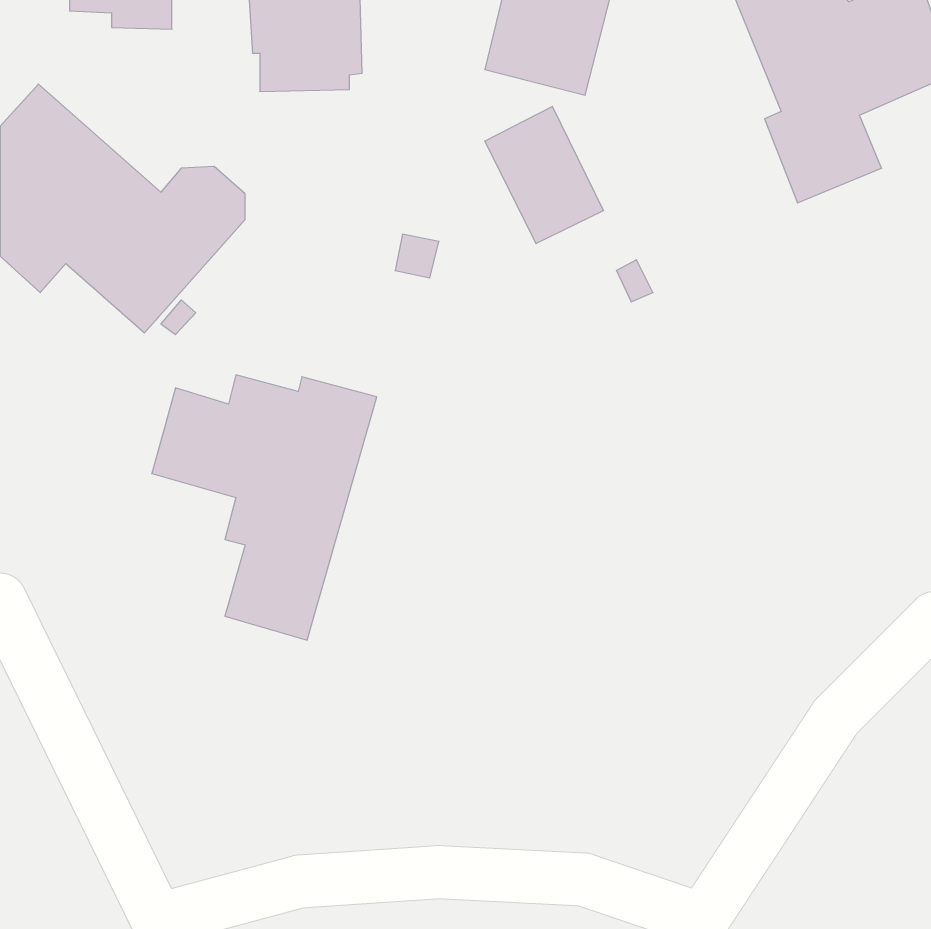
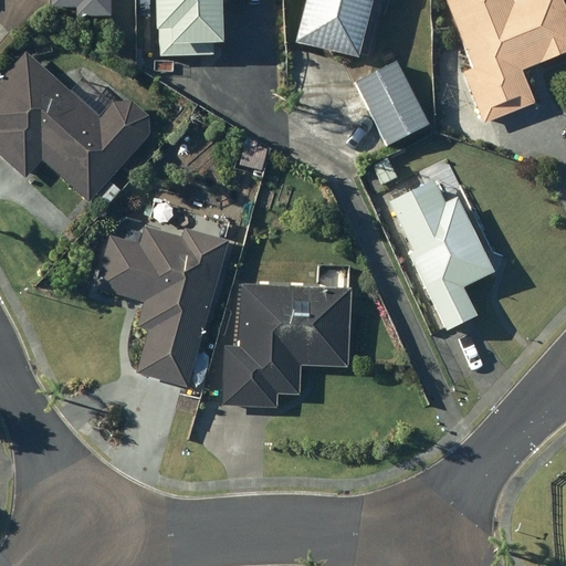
building: [485,106,604,244] -> [357,61,429,144]
building: none -> [389,179,493,329]
building: none -> [223,284,350,407]

